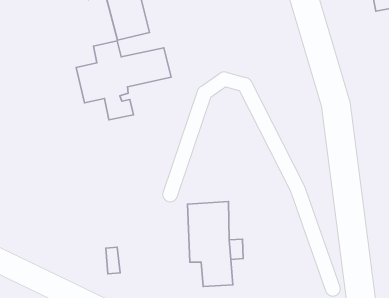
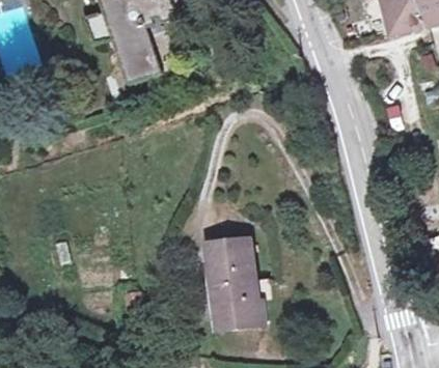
building: [76,41,171,120] -> none

